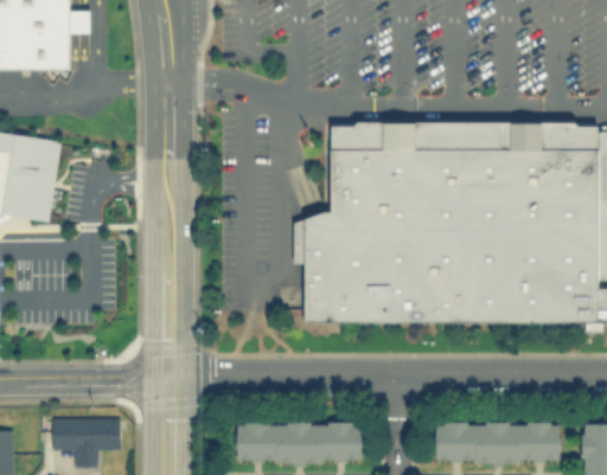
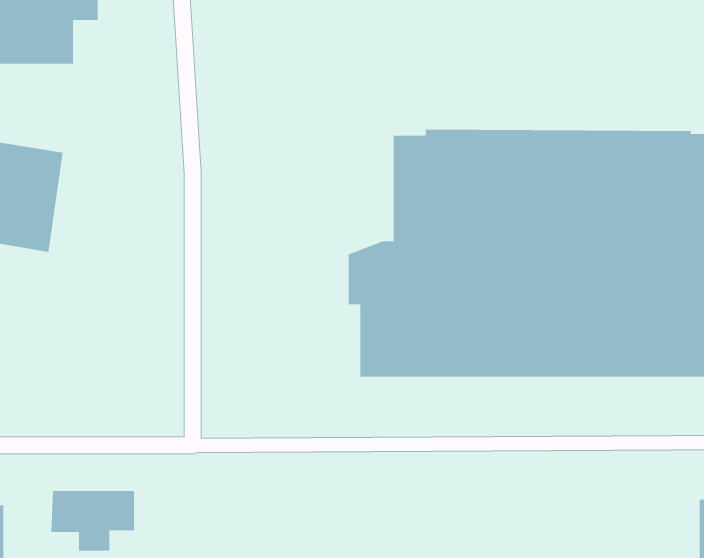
building: [235,421,360,463] -> none
building: [434,422,558,463] -> none

